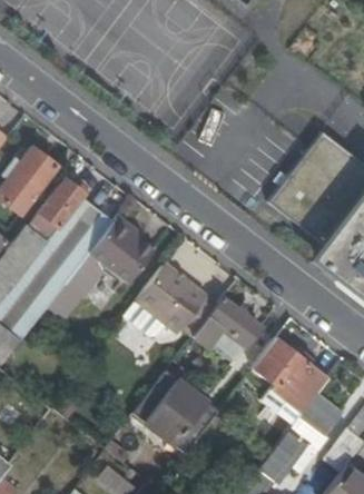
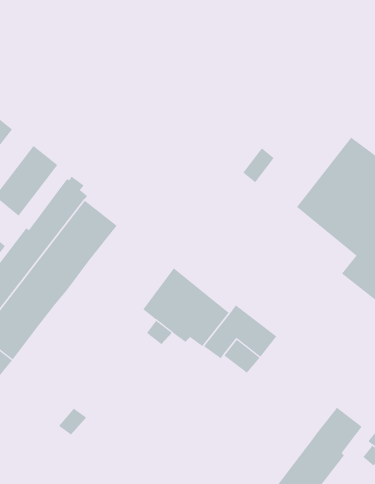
building: [39,215,153,324] -> none
building: [253,337,331,424] -> none
building: [132,369,219,453] -> none

